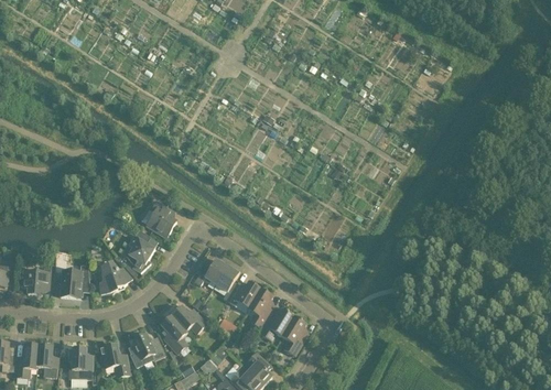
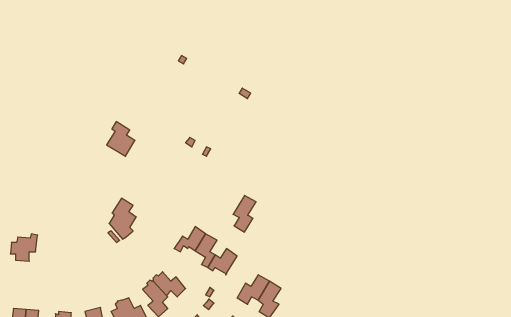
building: [147,201,176,237] -> [107,122,135,156]
building: [100,262,132,293] -> none
building: [58,264,90,297] -> none
building: [248,289,272,327] -> [233,195,256,232]

